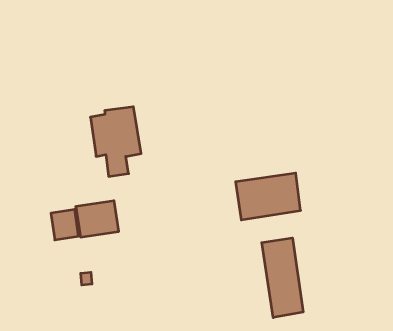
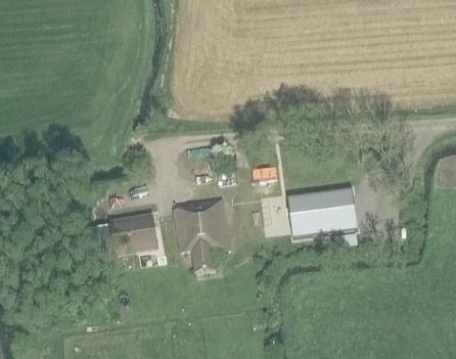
building: [90,107,141,176] -> [176,198,230,273]
building: [262,238,303,318] -> none

